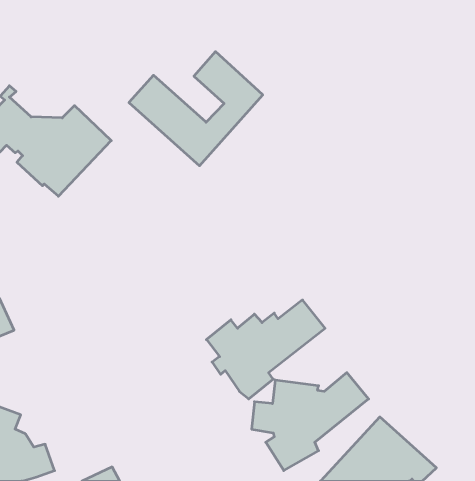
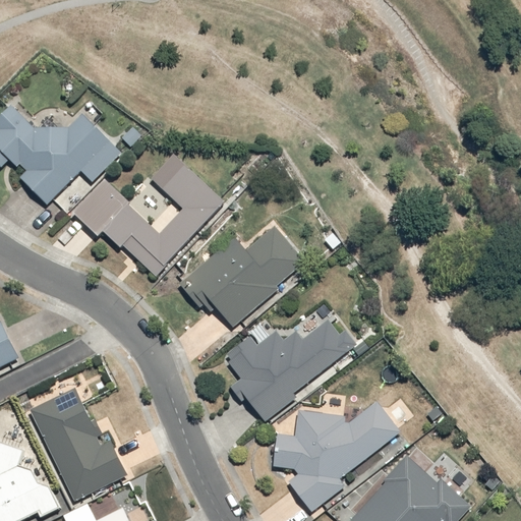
building: [129,52,263,166] -> [76,152,221,275]
building: none -> [180,238,303,335]
building: none -> [30,386,124,496]

